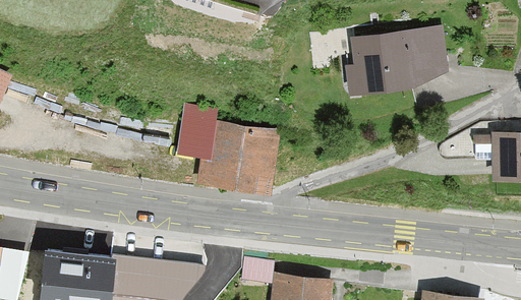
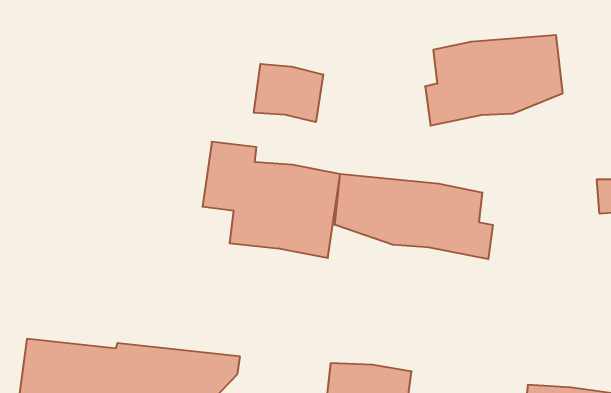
building: none -> [254,64,323,122]
building: none -> [335,174,493,259]

